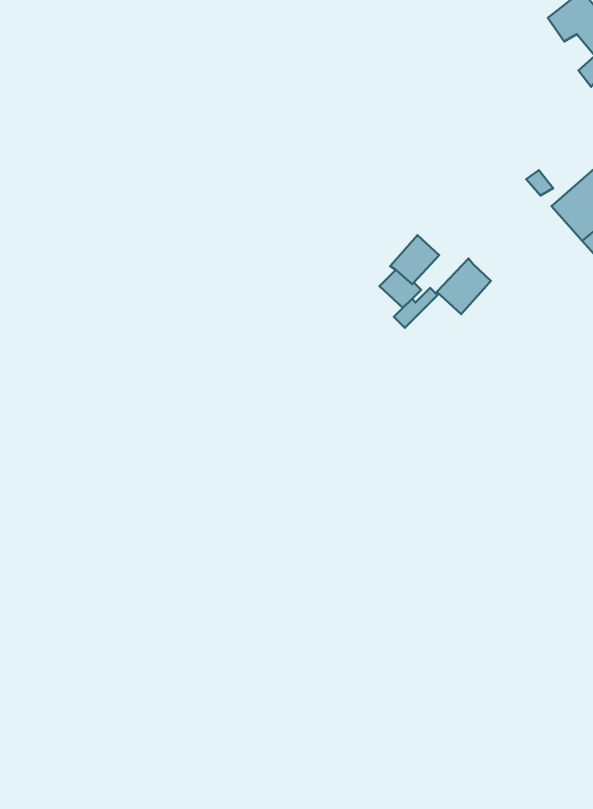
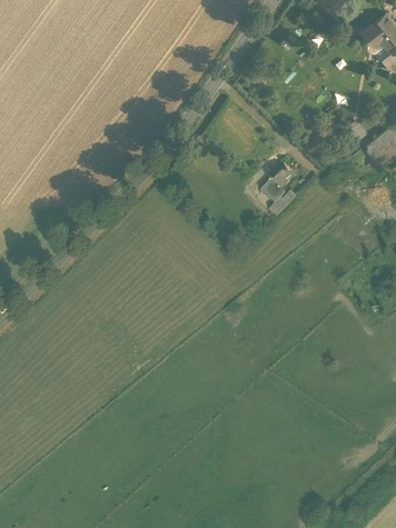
building: [437,258,491,314] -> none

